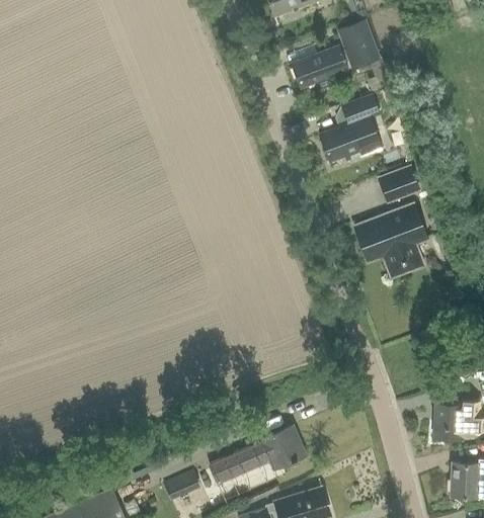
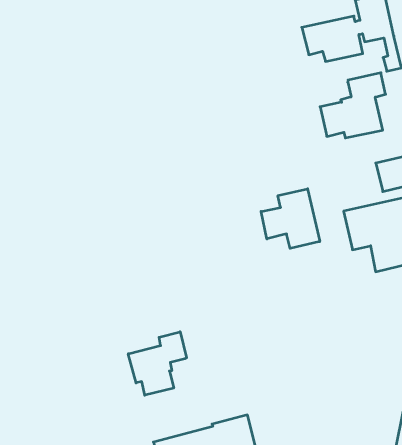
building: none -> [261,189,320,248]
building: none -> [128,332,187,395]

